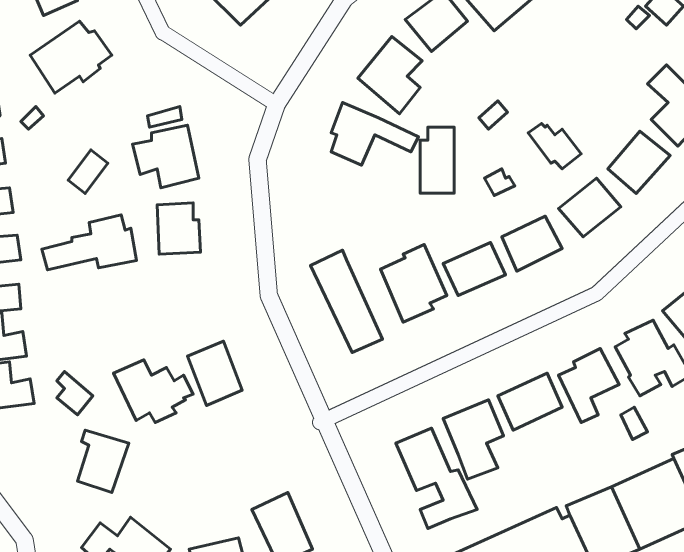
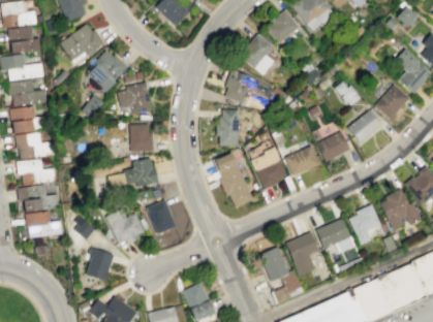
building: none -> [86,51,127,94]
building: [420,127,454,193] -> [219,108,238,144]
building: [42,215,136,270] -> [106,158,158,188]

